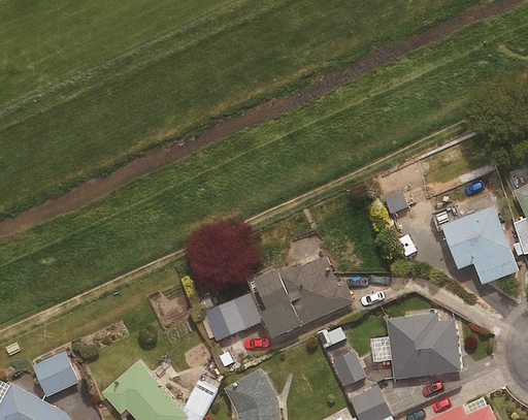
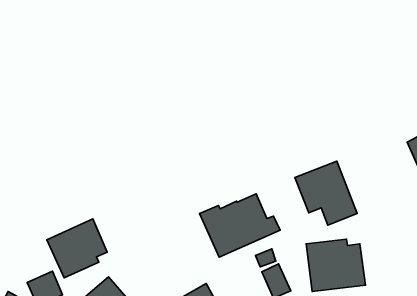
building: [439,204,518,285] -> [295,161,357,225]
building: none -> [47,219,107,278]
building: [205,294,263,342] -> none

